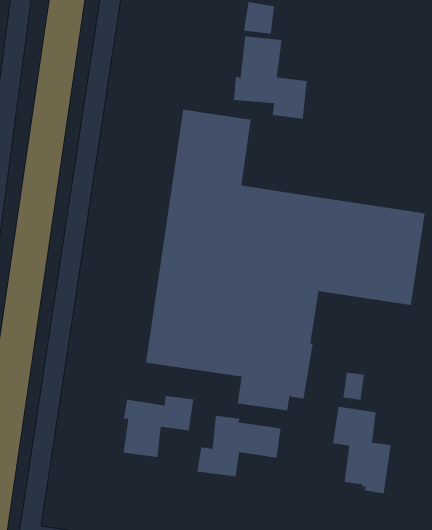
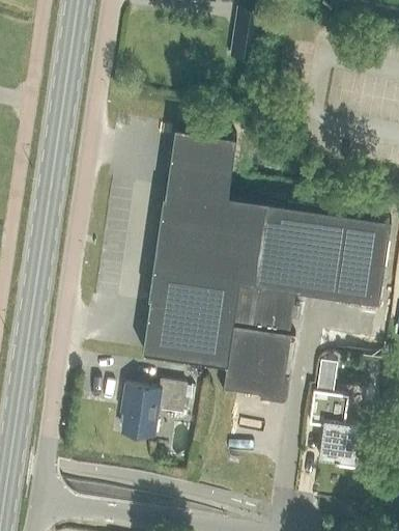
building: [233,35,307,119] -> none
building: [197,415,281,477] -> none

